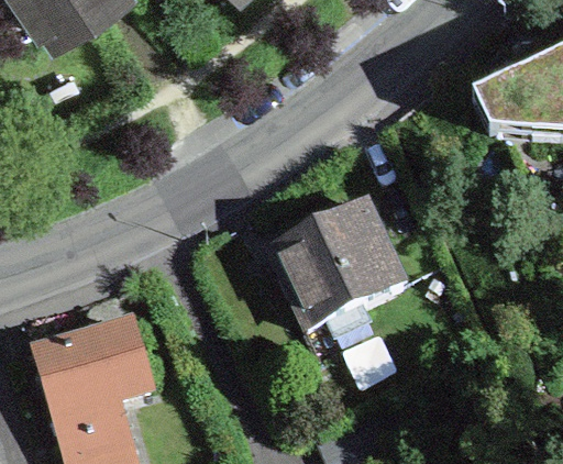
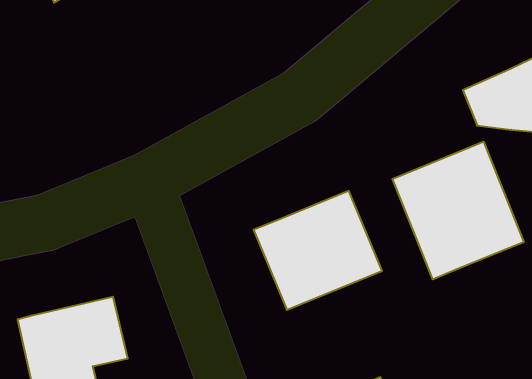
building: none -> [392,142,524,279]

